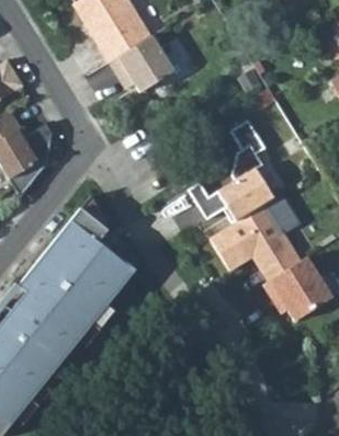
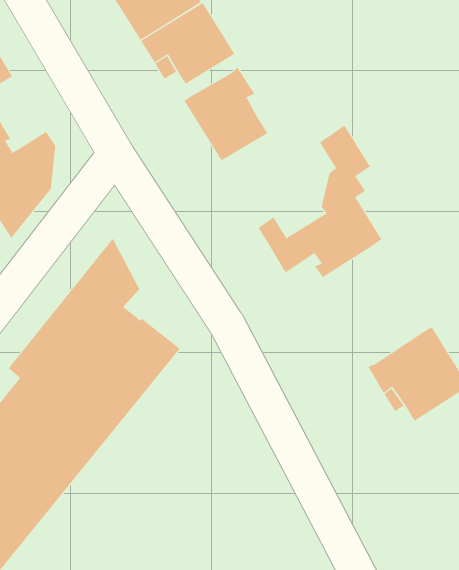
building: none -> [184,67,268,161]
building: [210,202,302,280] -> none

